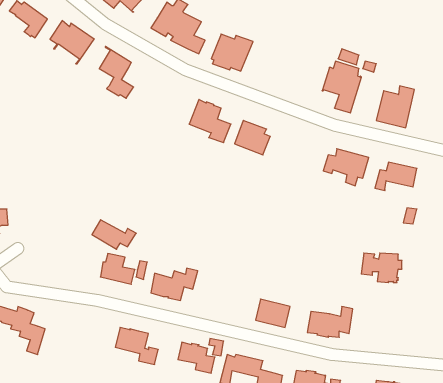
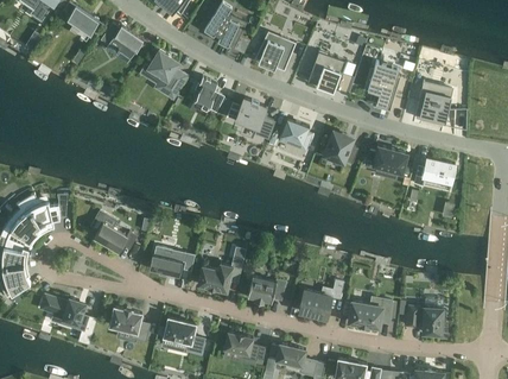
building: none -> [306,52,351,95]
building: none -> [193,77,231,118]
building: none -> [323,132,357,165]
building: [92,220,136,249] -> [94,223,136,252]
building: [361,253,402,283] -> [406,307,445,335]
building: none -> [247,277,285,303]
building: none -> [109,308,148,342]

